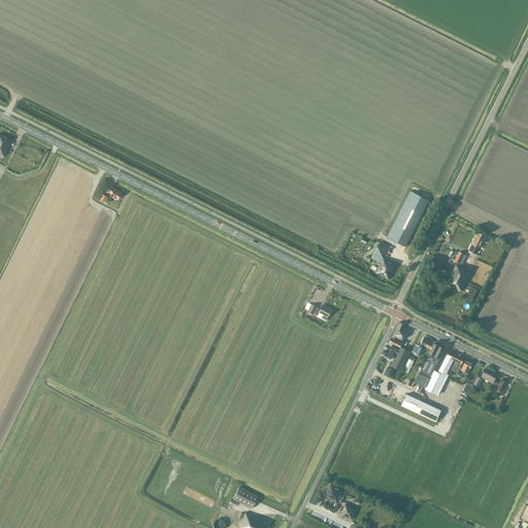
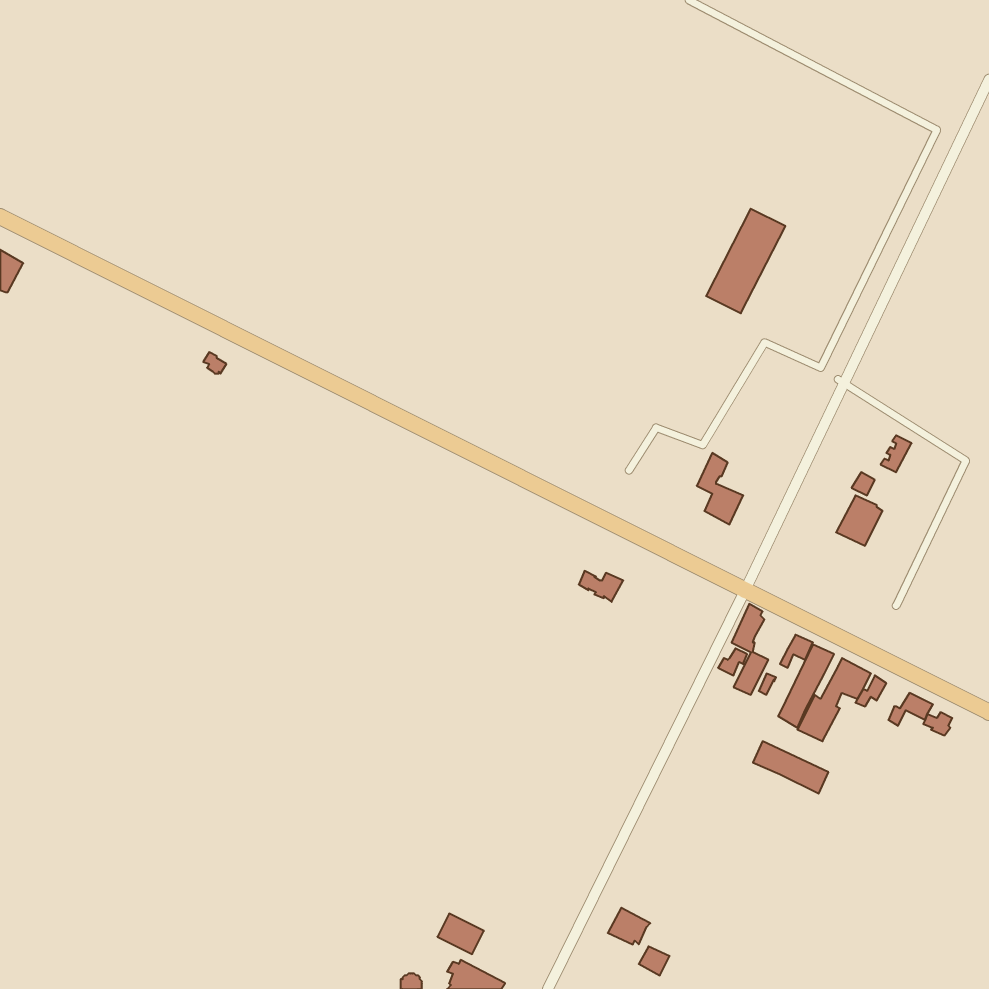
building: [387,191,429,246] -> [706,209,785,313]

